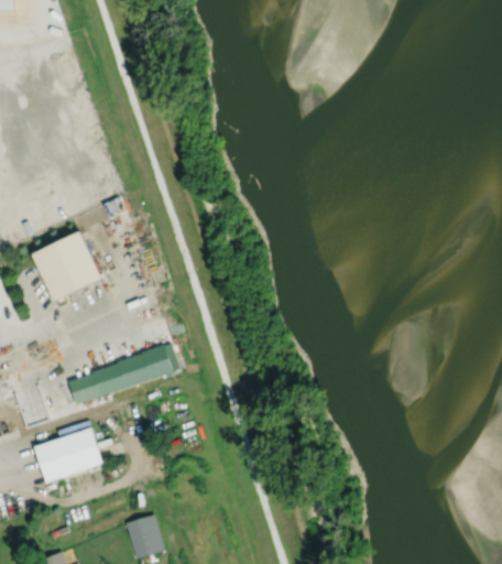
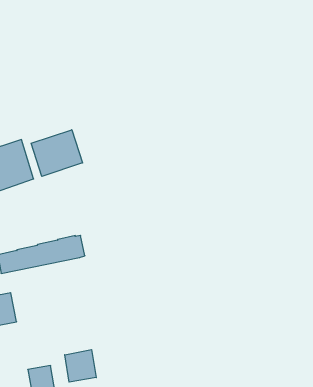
building: none -> [31,130,83,176]
building: none -> [65,350,96,382]

